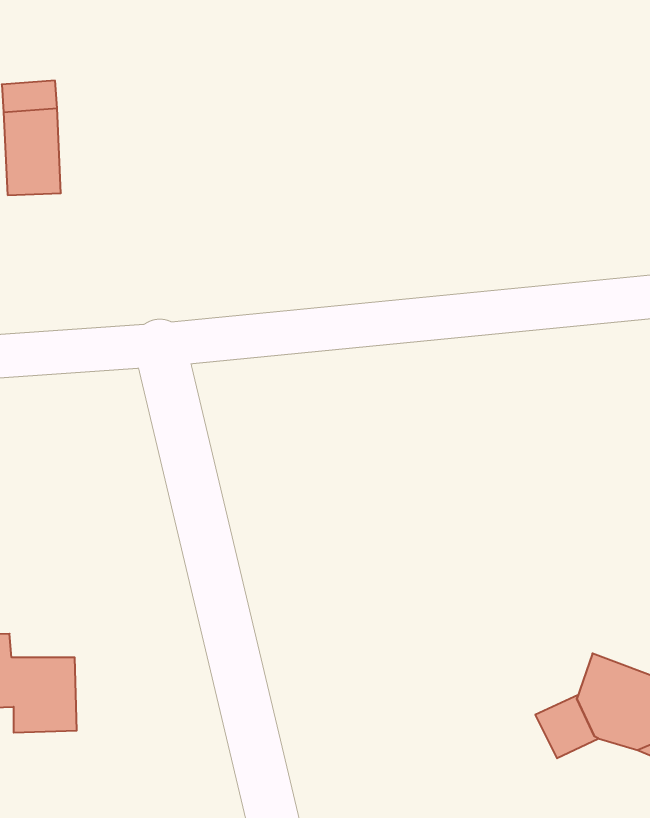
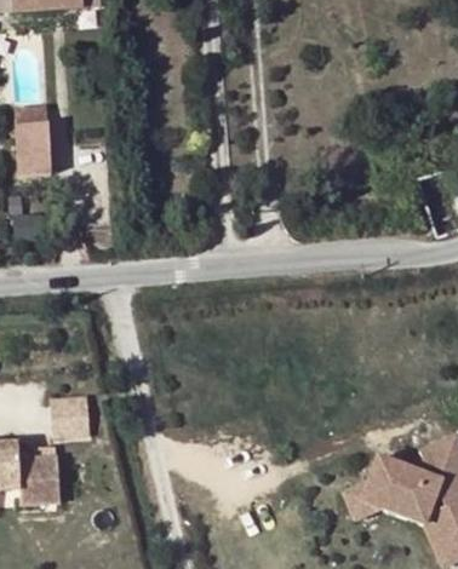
building: none -> [48,391,91,436]

